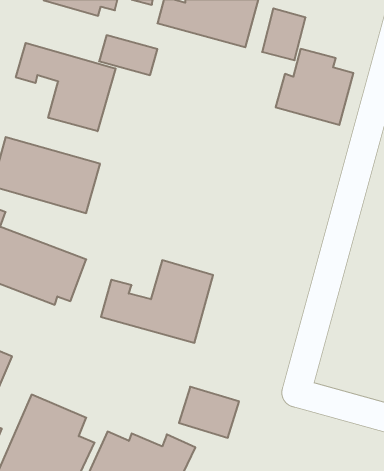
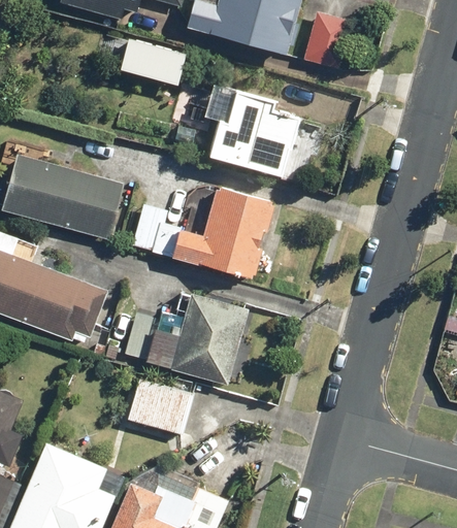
building: [16,43,116,131] -> none
building: [276,49,353,125] -> [209,91,296,175]
building: none -> [129,186,274,280]
building: [179,387,239,438] -> [127,377,194,434]

